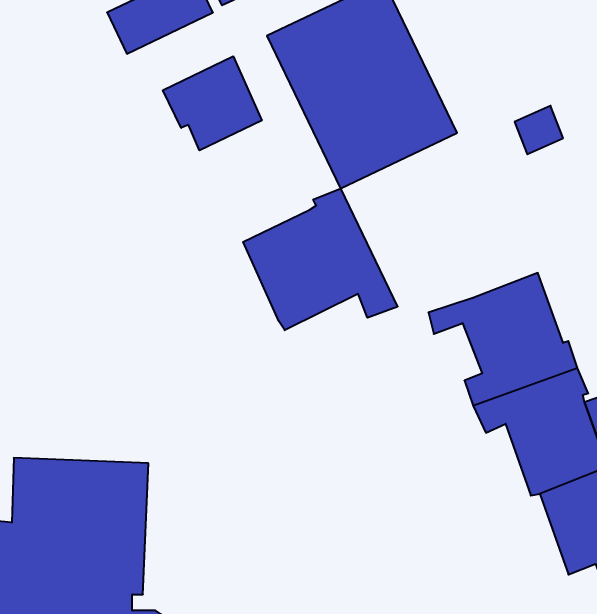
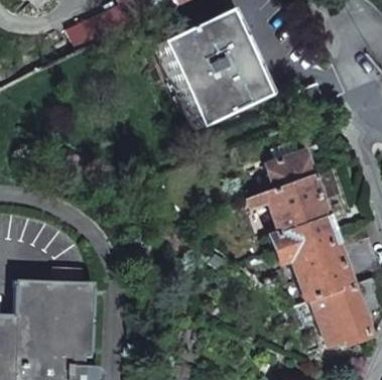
building: [163,56,262,150] -> none
building: [243,188,398,330] -> none
building: none -> [266,151,311,189]

